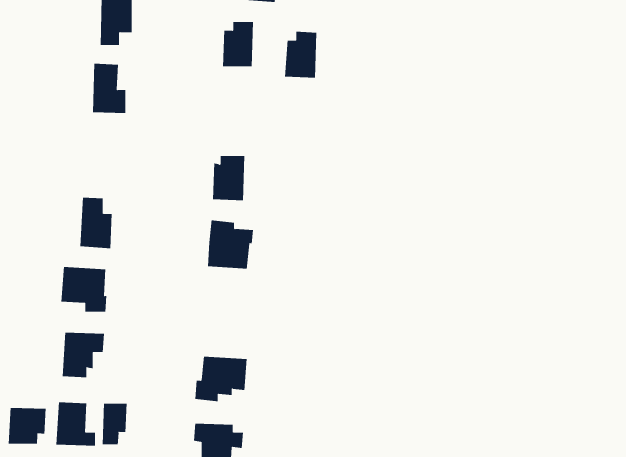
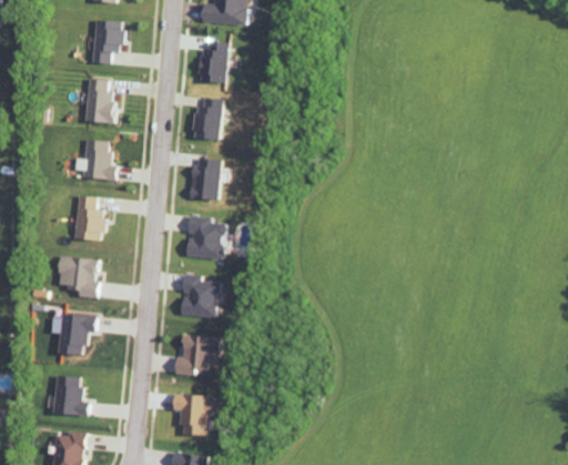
building: [284,31,317,78] -> [193,98,222,139]
building: none -> [73,140,118,179]
building: none -> [183,274,219,317]
building: [102,403,127,445] -> none
building: [8,407,46,445] -> none

